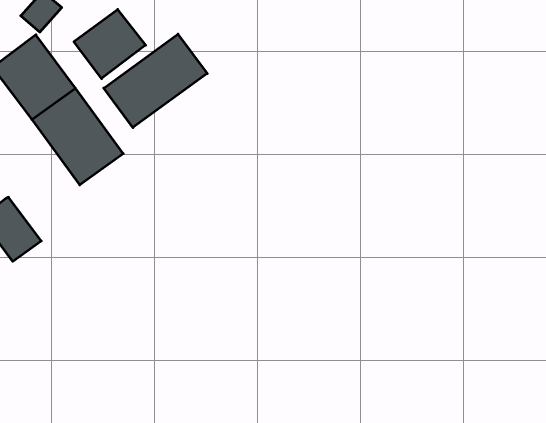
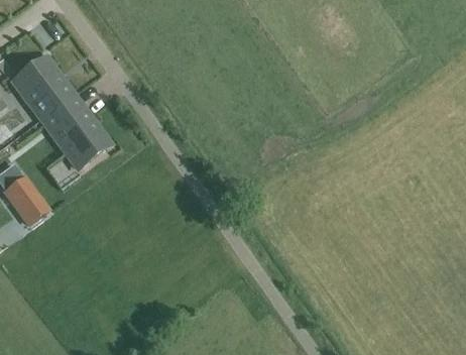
building: [74,9,146,79] -> none
building: [104,34,207,128] -> none

